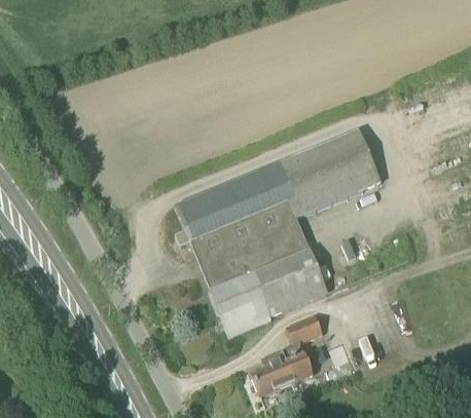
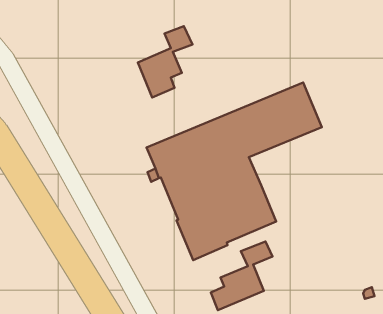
building: none -> [138,26,192,97]

